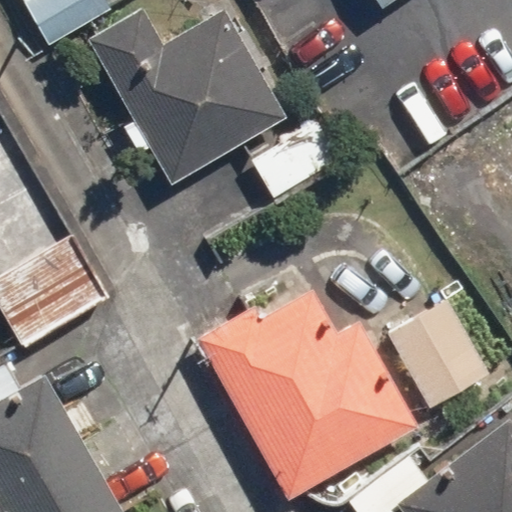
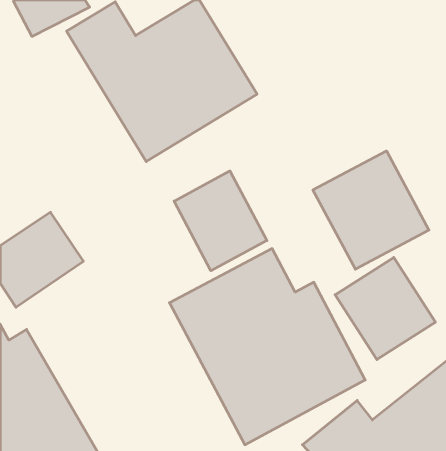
building: none -> [313,151,429,269]
building: none -> [174,171,267,271]

